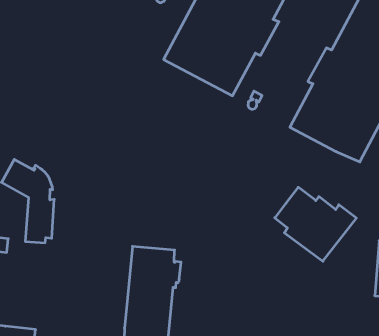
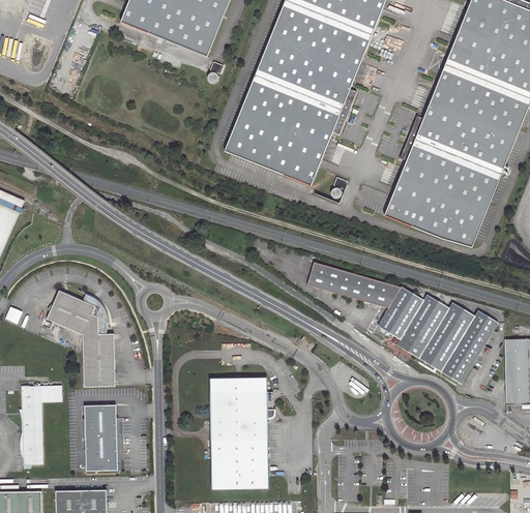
building: none -> [305,260,401,306]
building: none -> [440,309,498,383]
building: none -> [84,404,119,471]

